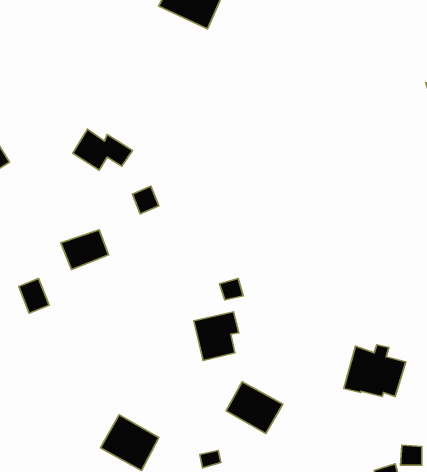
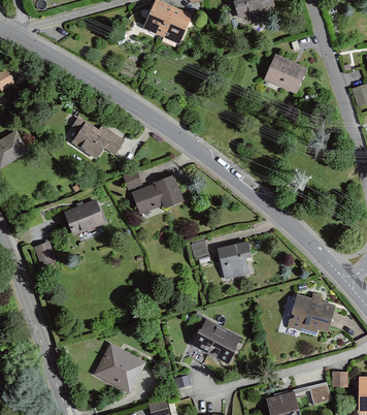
building: none -> [267,56,305,92]
building: none -> [131,174,184,214]
building: [194,312,239,361] -> [216,241,252,279]

